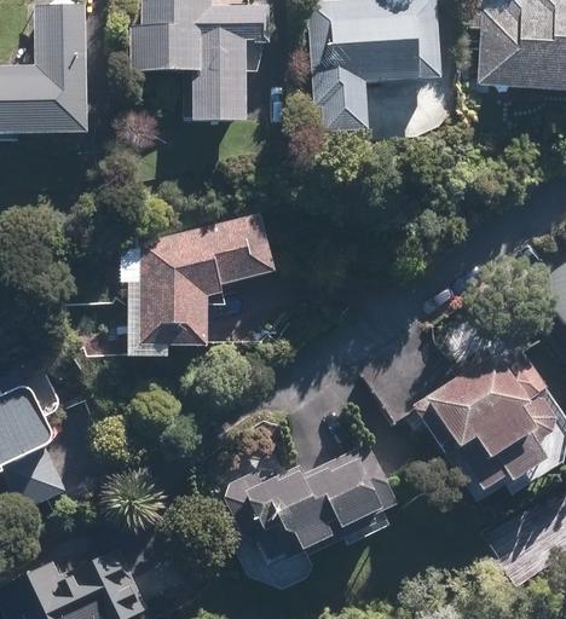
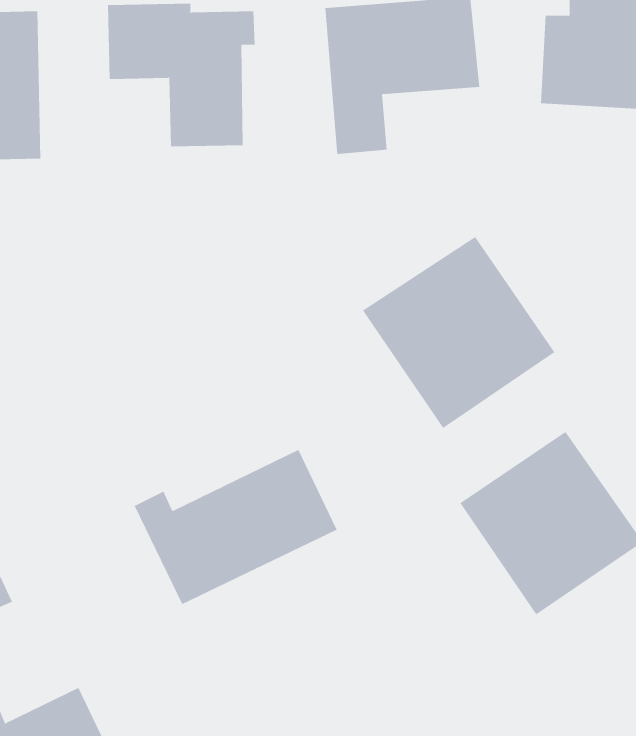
building: none -> [362,236,555,429]
building: [149,221,273,339] -> none
building: [232,442,397,568] -> [134,449,338,605]

